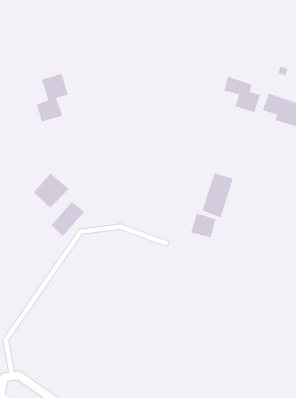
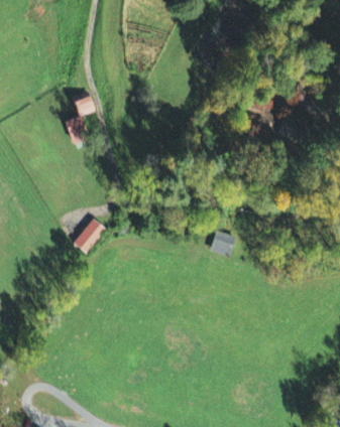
building: [33,172,69,208] -> none
building: [202,172,234,218] -> none

